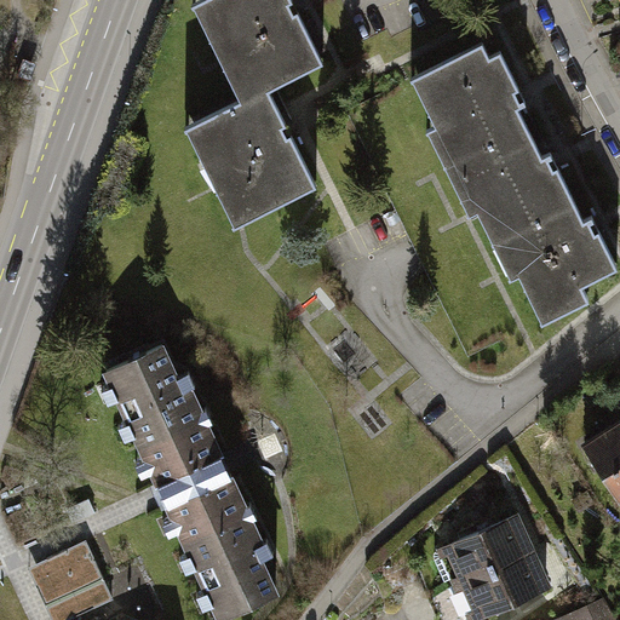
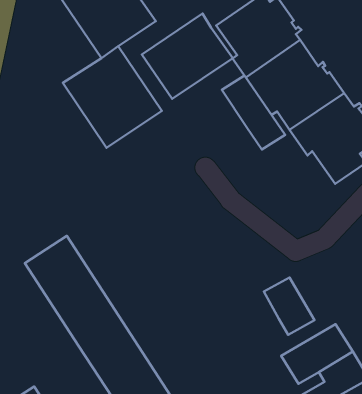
building: none -> [142,14,233,99]
building: none -> [222,76,285,150]
building: none -> [264,277,315,335]

